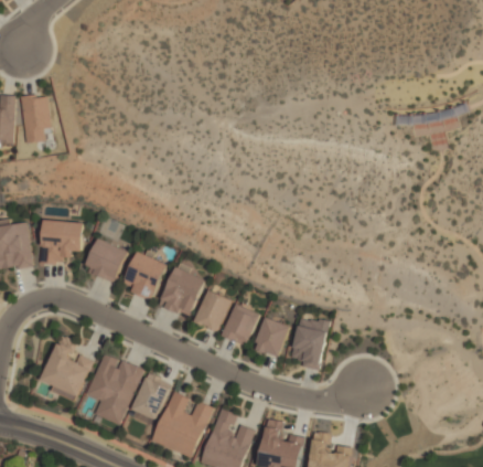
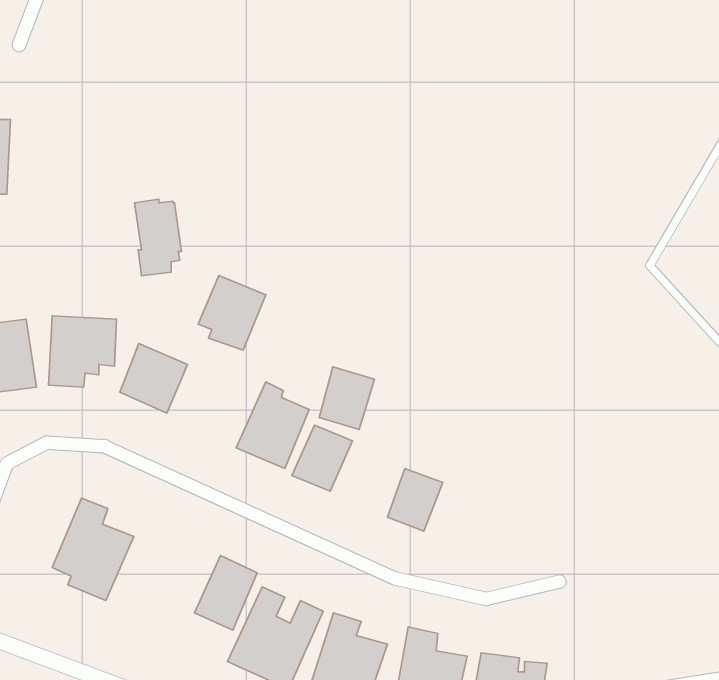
building: [21,94,51,142] -> [135,199,181,276]
building: [124,252,167,299] -> [198,276,266,350]
building: [224,304,259,343] -> [319,367,375,430]
building: [291,317,329,370] -> none
building: [87,353,142,424] -> none

